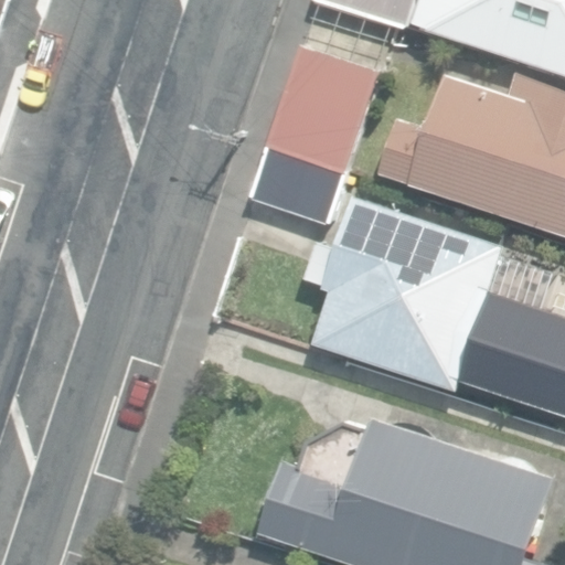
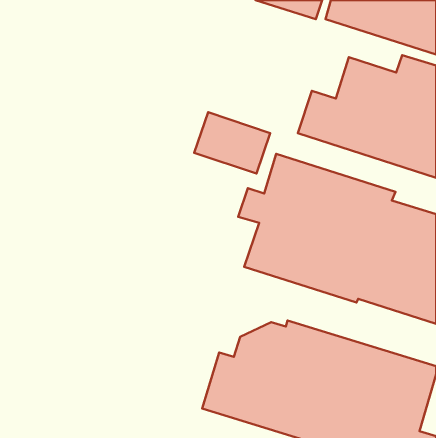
building: [266,49,379,174] -> none

